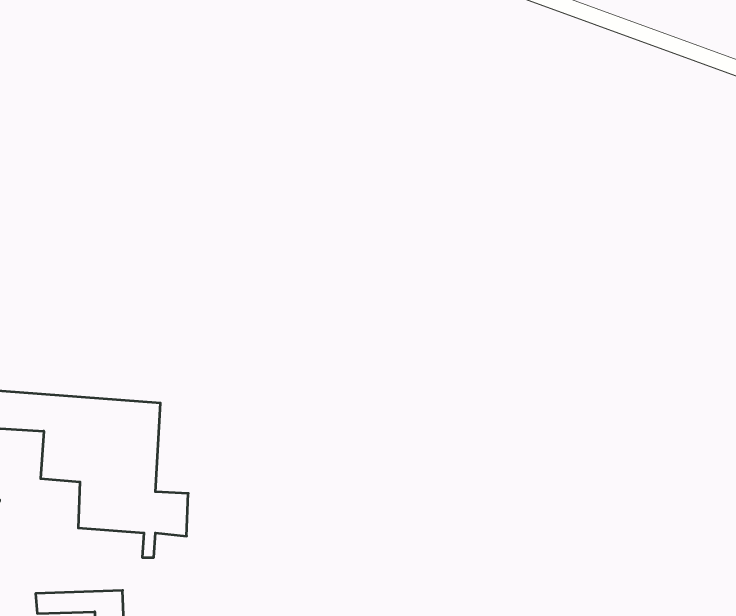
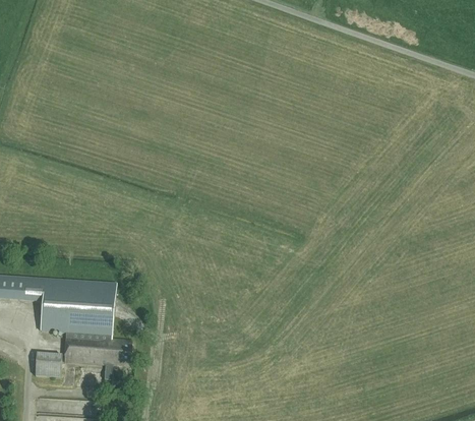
building: none -> [34,353,60,377]

